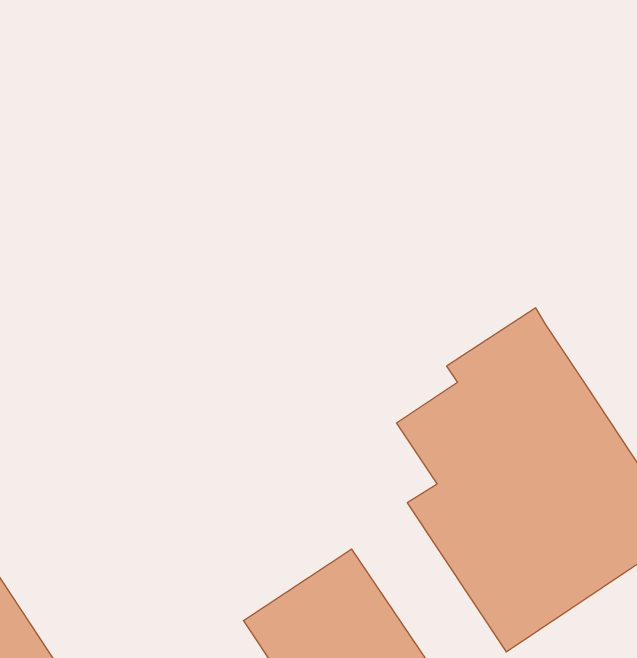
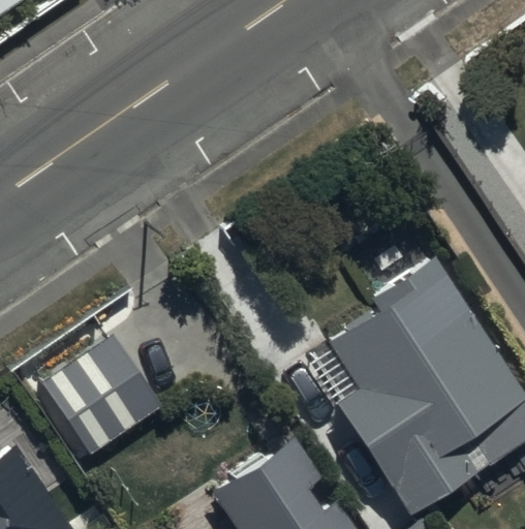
building: none -> [45,340,162,457]

